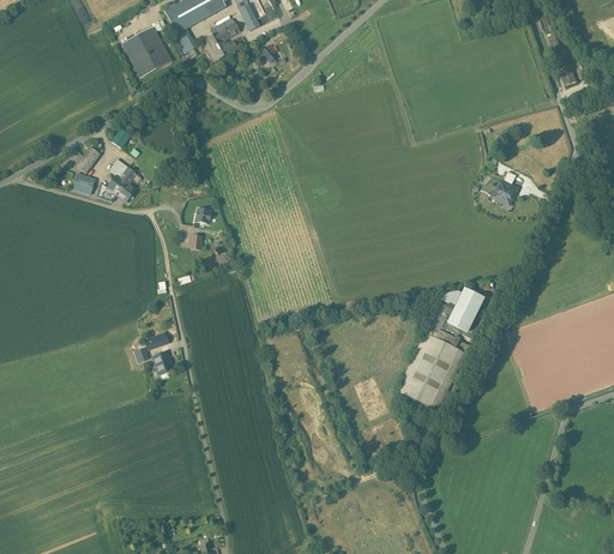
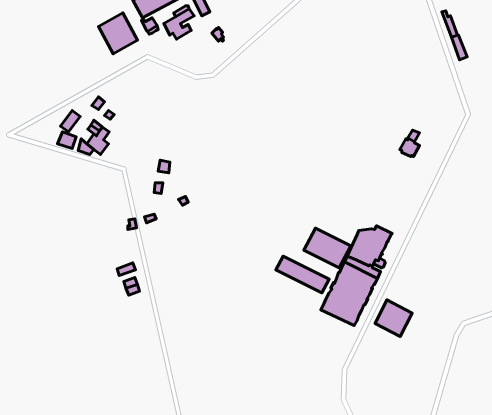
building: none -> [304,228,351,268]
building: none -> [276,256,329,293]
building: none -> [375,300,412,337]

